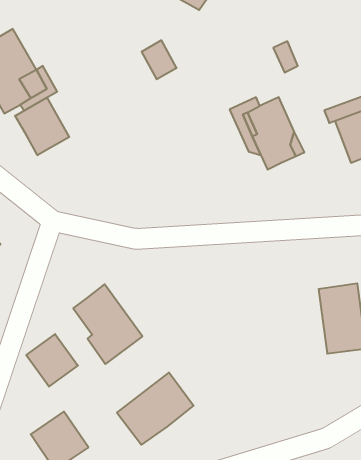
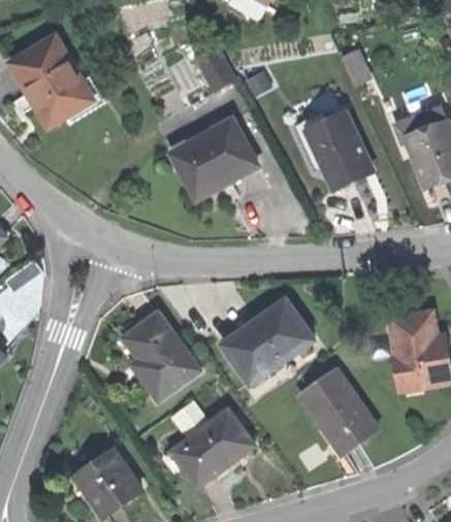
building: [15,98,69,155] -> none
building: none -> [167,121,256,200]
building: none -> [221,298,314,381]
building: [26,334,78,387] -> none
building: none -> [300,371,376,453]

